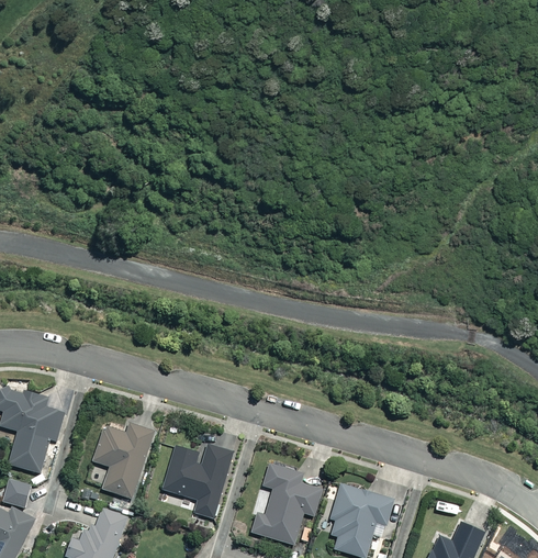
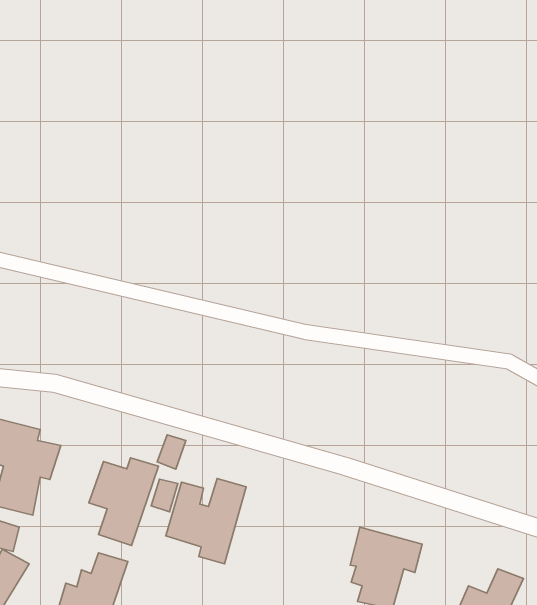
building: none -> [157,435,186,469]
building: none -> [151,479,178,512]
building: [249,462,323,544] -> none

